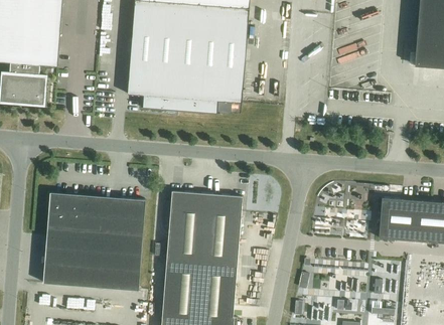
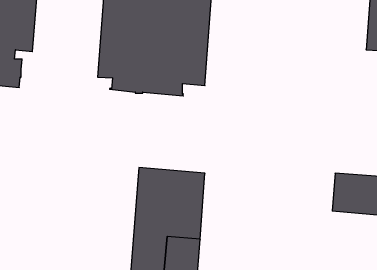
building: [42,197,145,291] -> none

